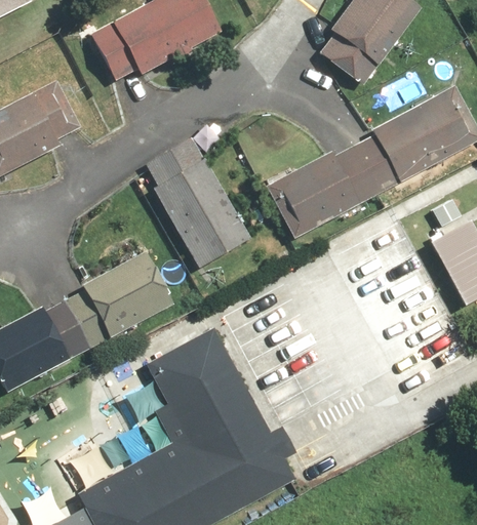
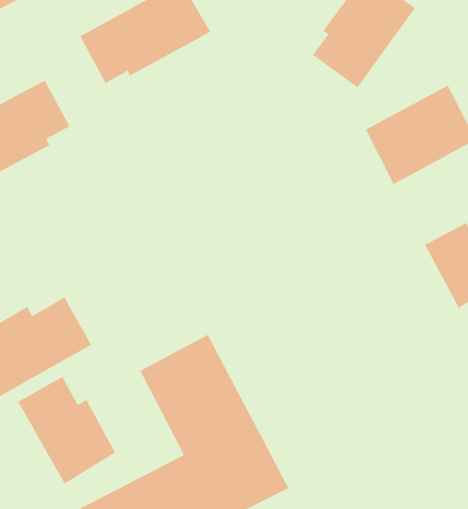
building: [145,136,250,268] -> none
building: [264,136,394,237] -> none
building: [80,250,173,337] -> none
building: none -> [18,376,116,485]

